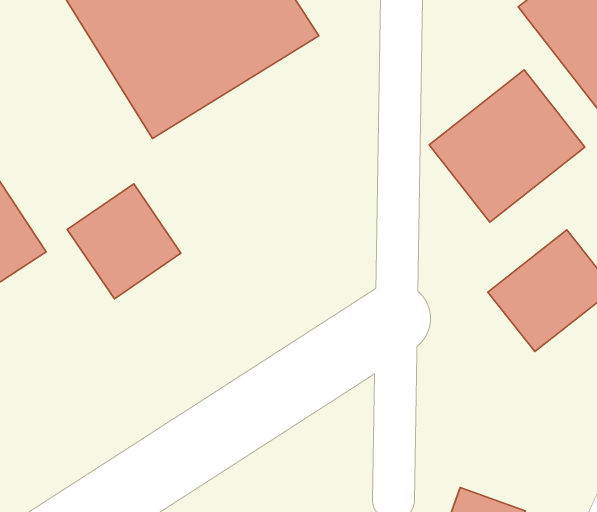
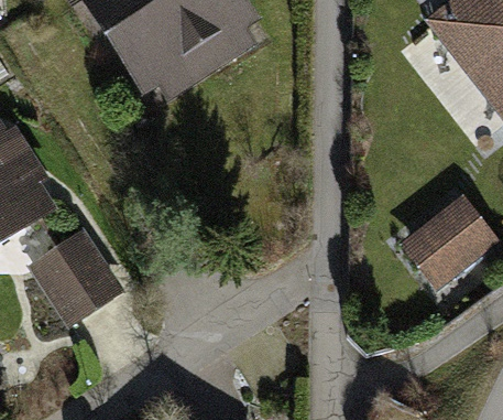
building: [429,70,585,222] -> none
building: [67,184,181,299] -> [30,237,120,329]

